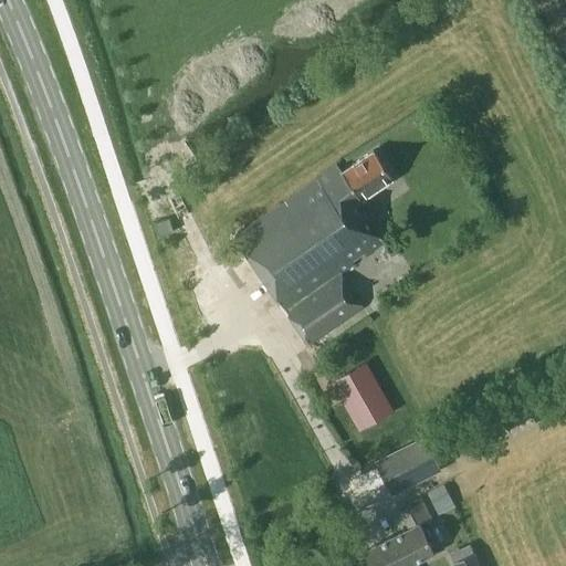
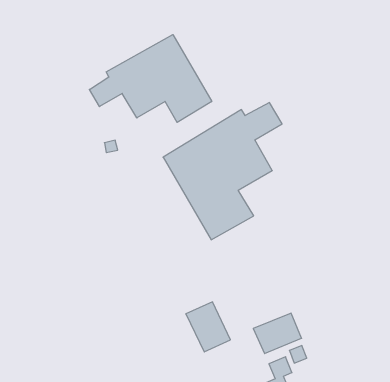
building: none -> [89,35,212,122]
building: [332,363,395,431] -> [186,302,230,352]

